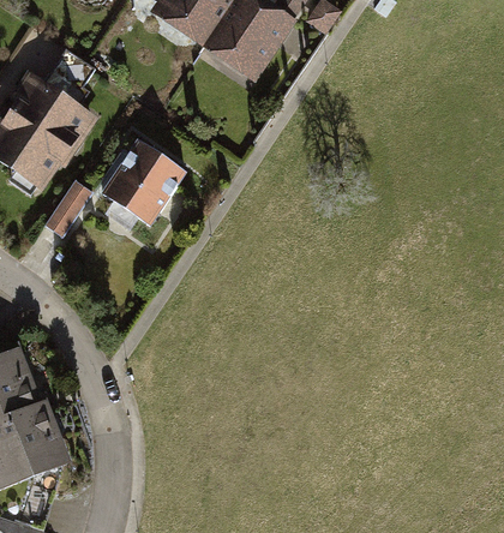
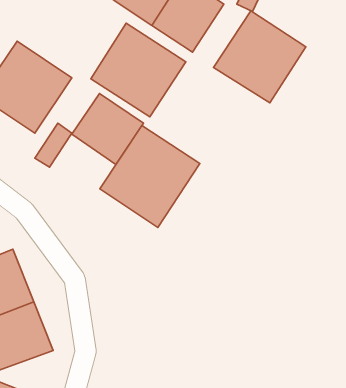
building: none -> [214,11,306,103]
building: none -> [91,23,186,117]
building: none -> [100,126,200,228]

